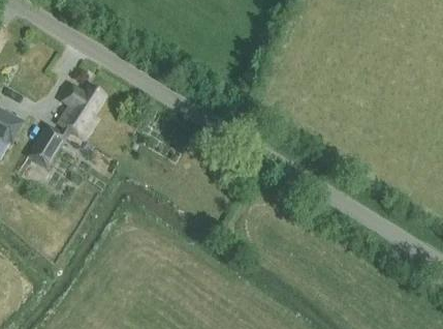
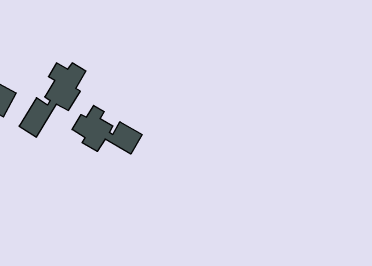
building: none -> [72,105,142,154]

